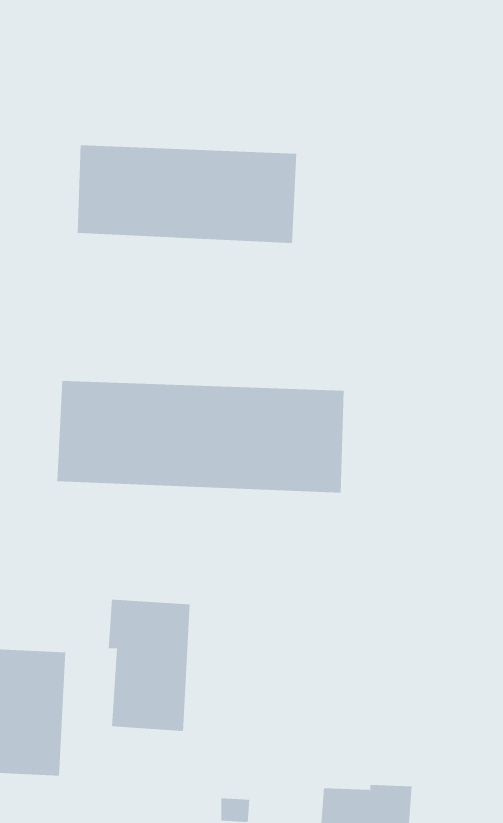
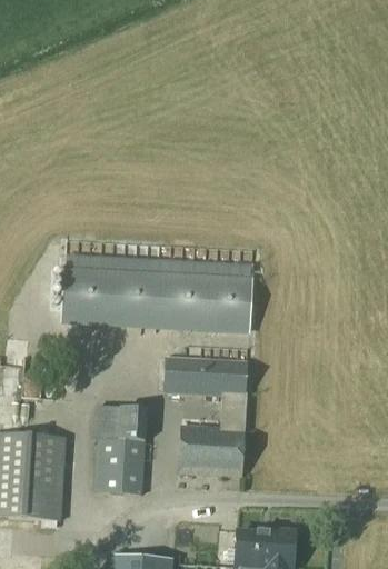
building: [77,144,297,244] -> none
building: none -> [162,353,247,476]

